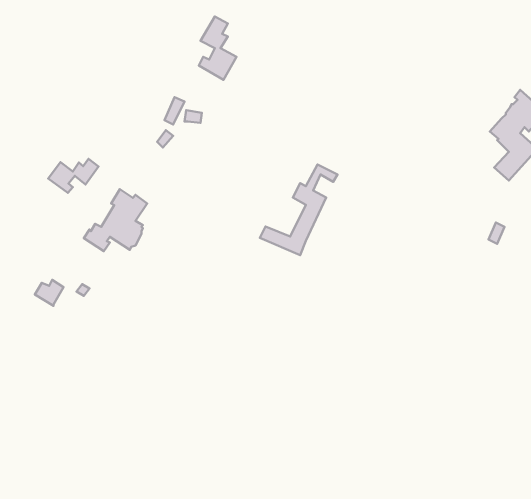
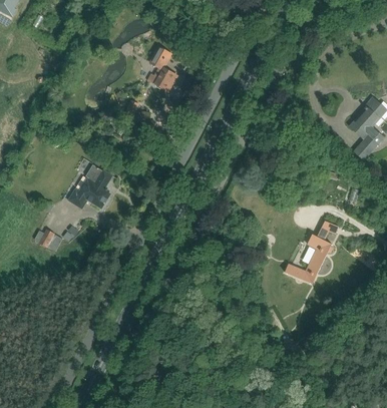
building: [48,159,99,193] -> none
building: [260,164,338,255] -> [285,221,339,284]

